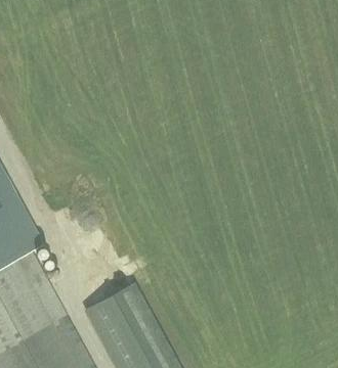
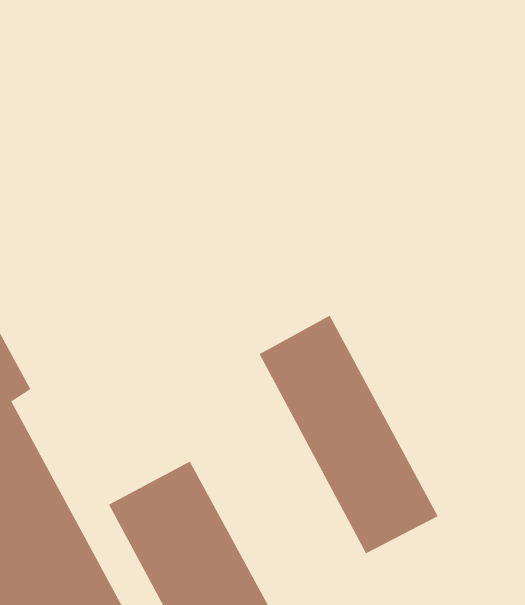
building: none -> [259,315,438,554]

